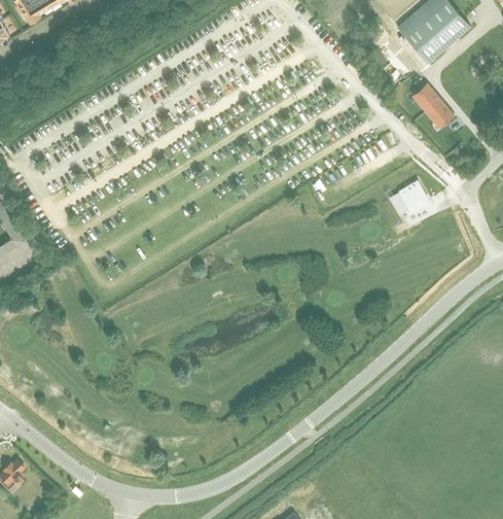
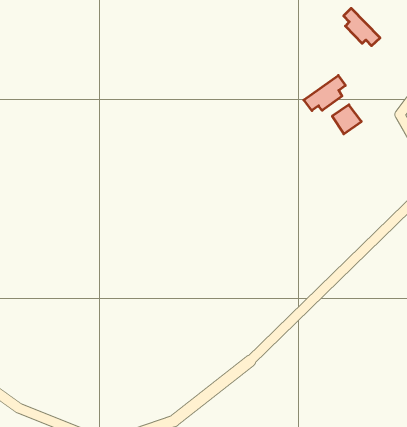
building: none -> [304,75,345,111]

